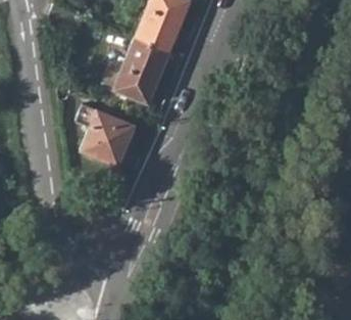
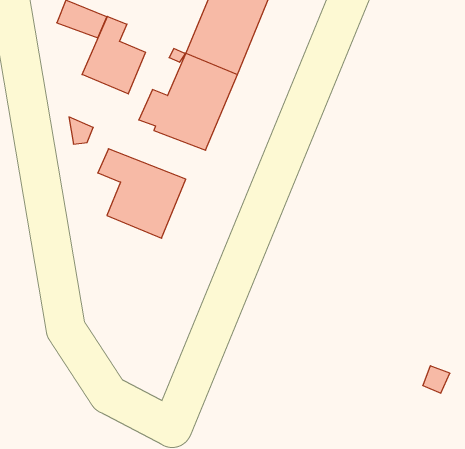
building: none -> [82,16,146,94]

